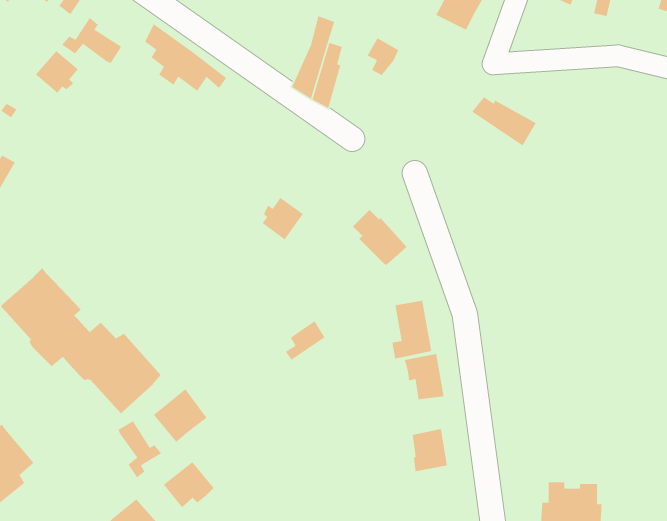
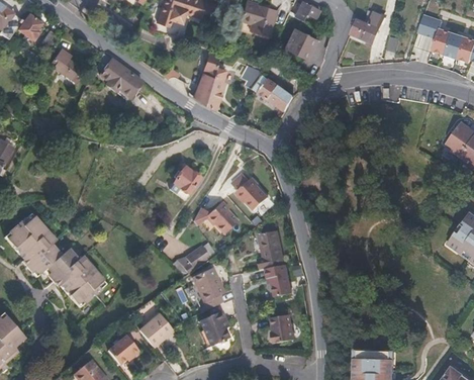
building: [35,50,79,94] -> none
building: [471,96,537,146] -> [251,79,293,111]
building: none -> [193,205,236,236]
building: none -> [195,271,226,311]
building: [153,388,208,443] -> [140,315,176,351]
building: [118,420,162,479] -> none
building: none -> [202,312,230,347]

